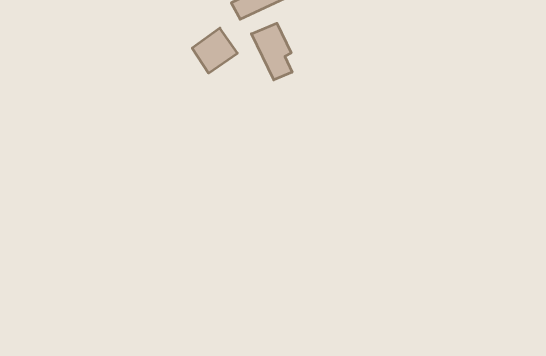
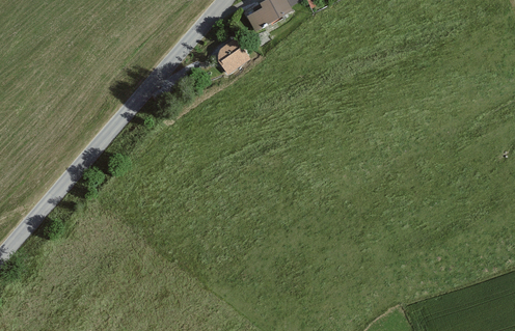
building: [251,23,292,80] -> none

